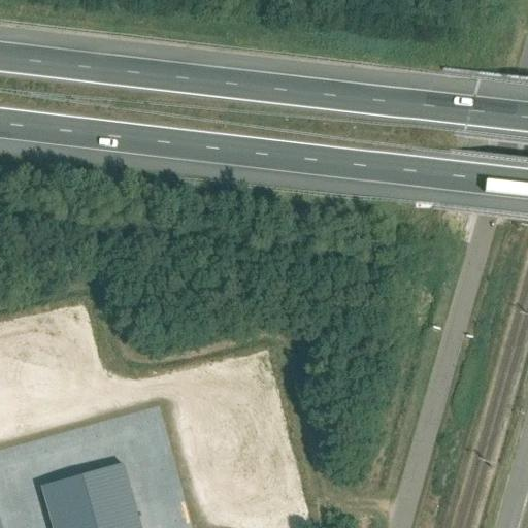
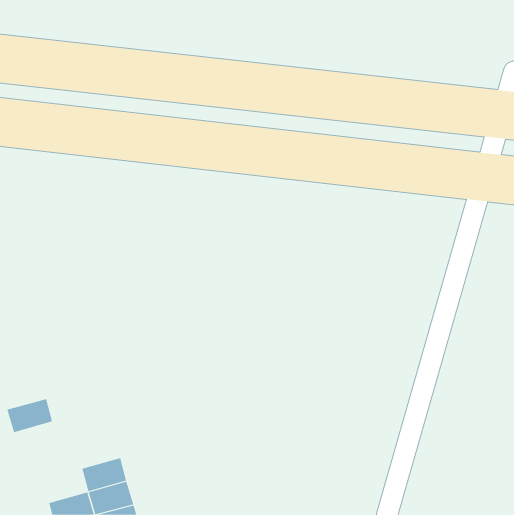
building: [42,480,90,515] -> [7,398,53,433]

